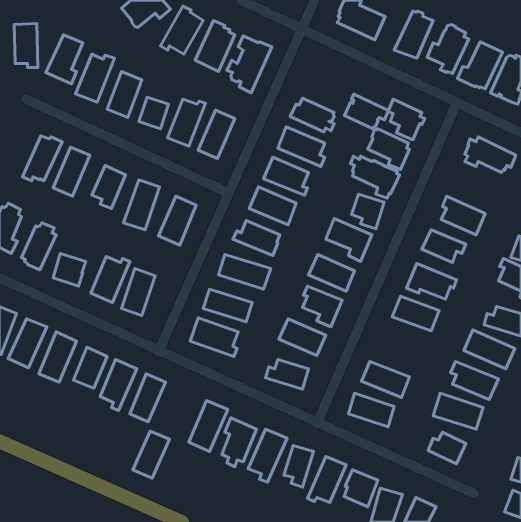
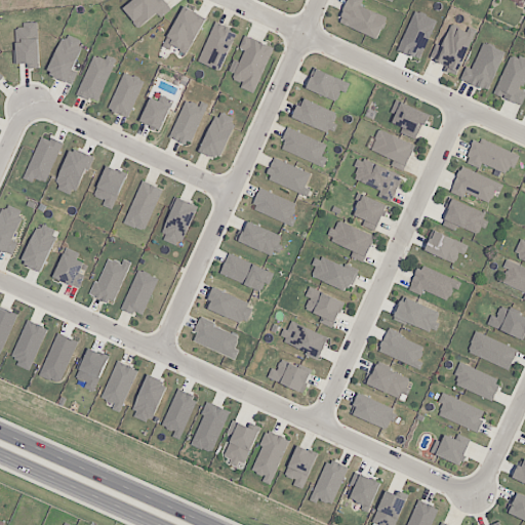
building: [345,94,388,129] -> [305,67,349,102]
building: none -> [449,166,501,203]
building: none -> [377,329,425,369]
building: [133,431,169,478] -> [160,389,197,436]

